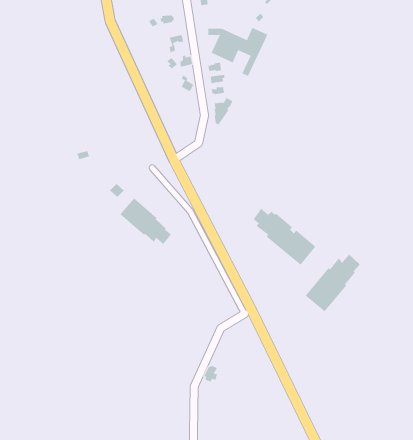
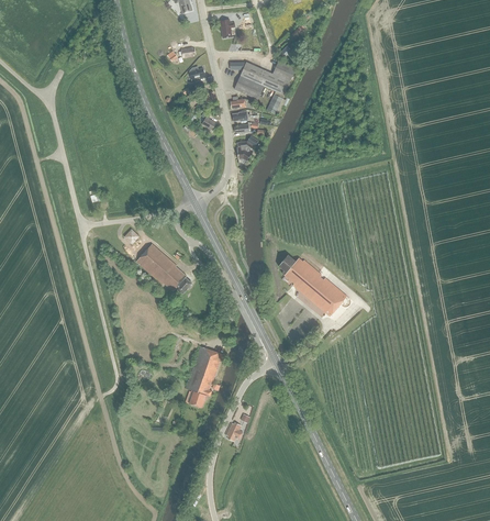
building: [305,254,360,312] -> none
building: none -> [185,346,222,408]

